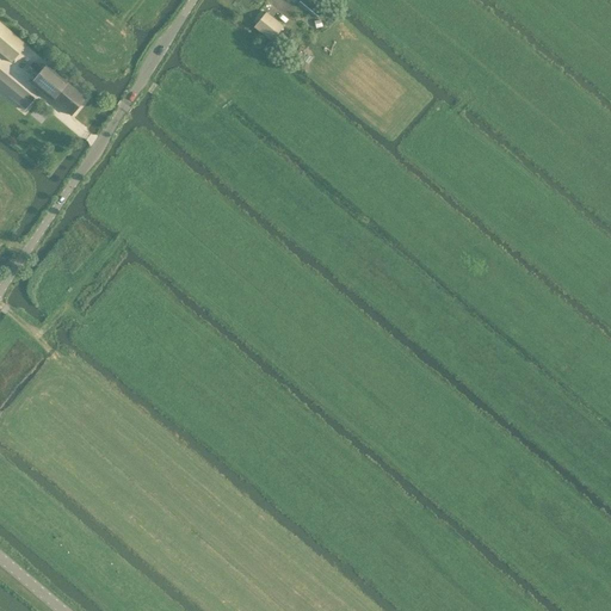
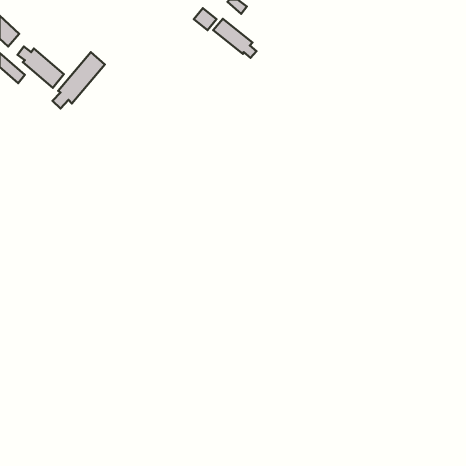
building: none -> [213,19,256,58]
building: none -> [52,52,105,108]

